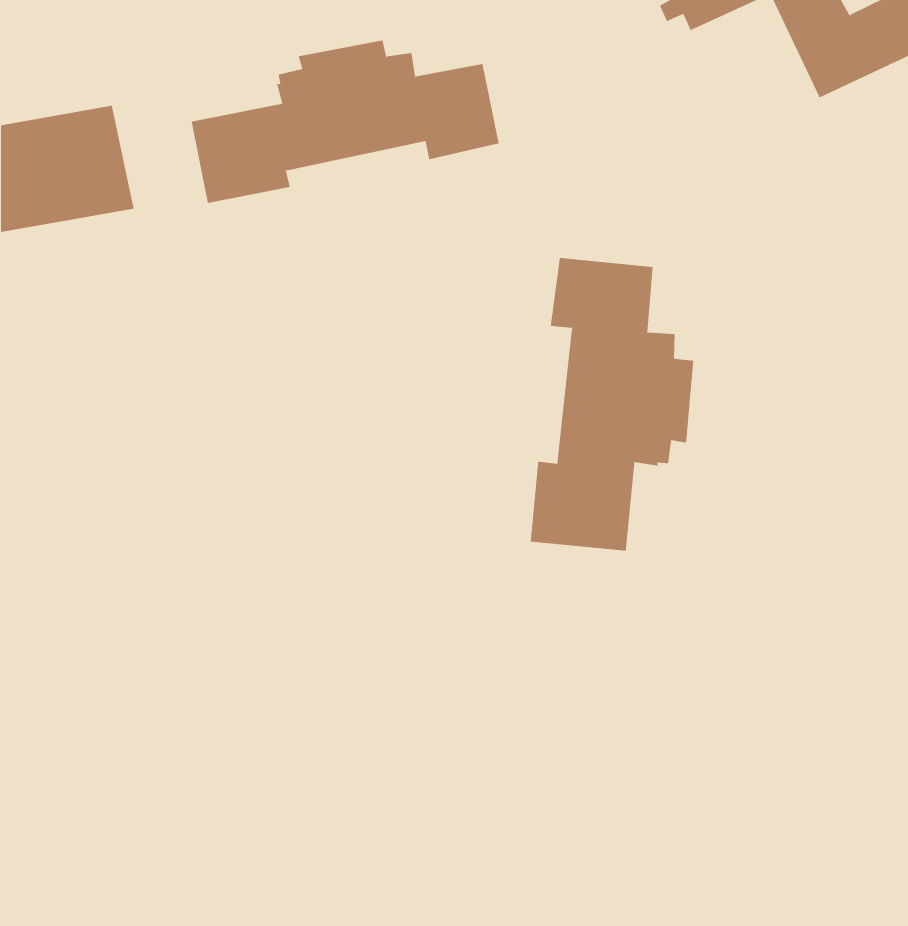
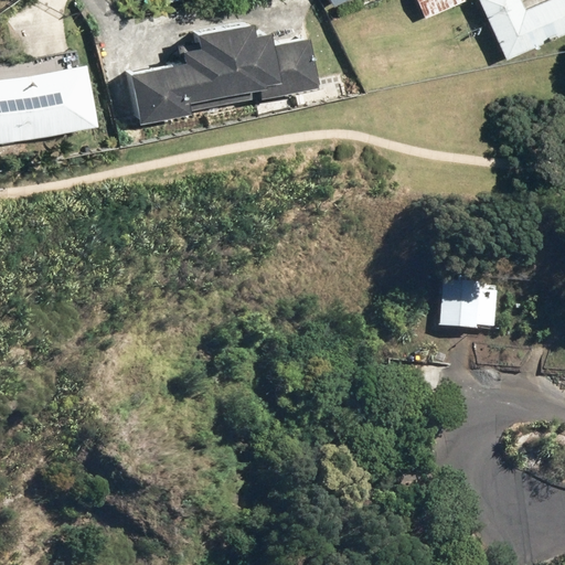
building: [530,257,694,551] -> none
building: none -> [446,279,487,330]

